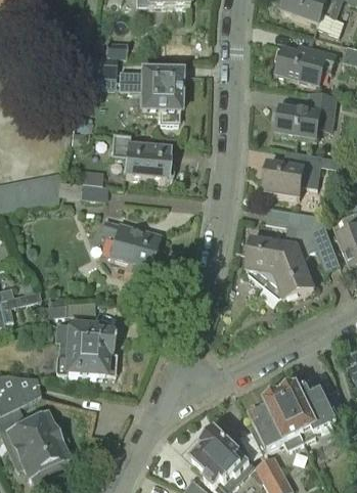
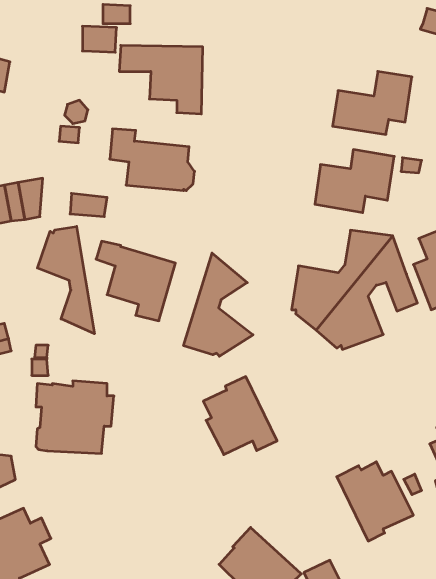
building: [275,43,337,83] -> none
building: none -> [37,226,94,334]
building: none -> [184,253,253,356]
building: [248,393,303,451] -> [203,377,277,455]

